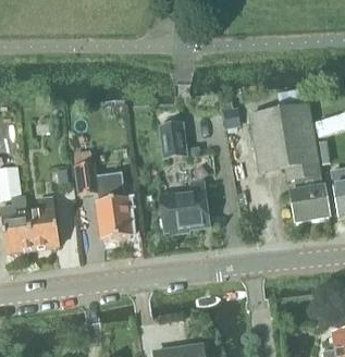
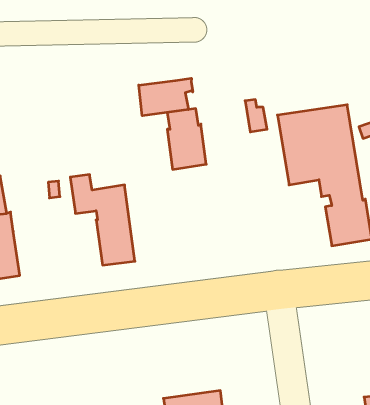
building: none -> [139,78,193,116]
building: [159,180,208,231] -> none
building: [27,195,60,247] -> none

